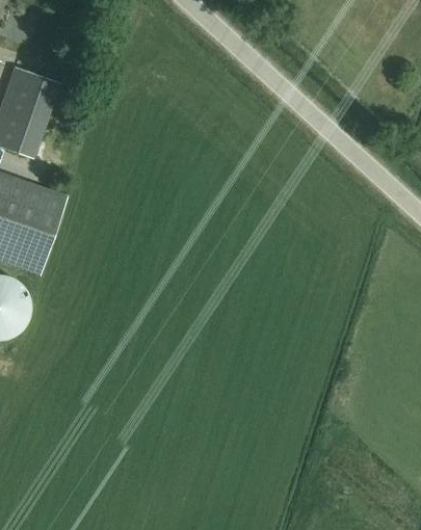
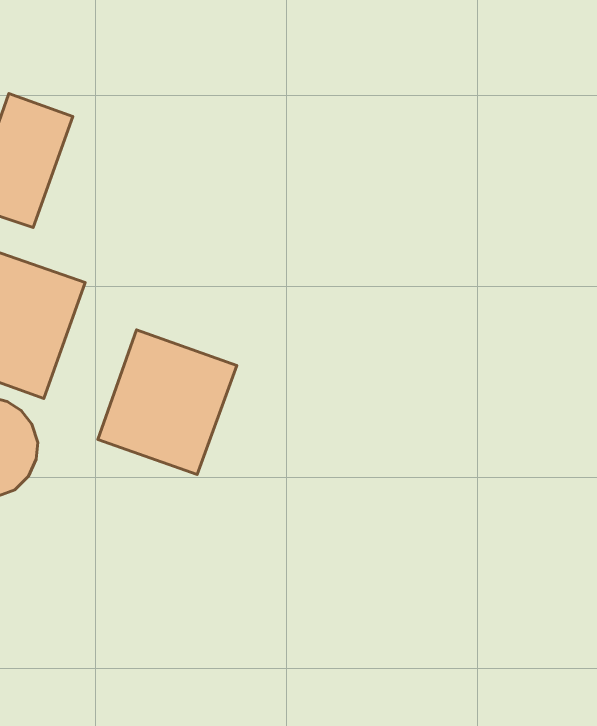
building: none -> [98,330,237,475]

